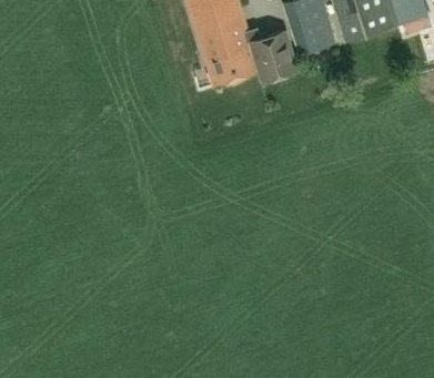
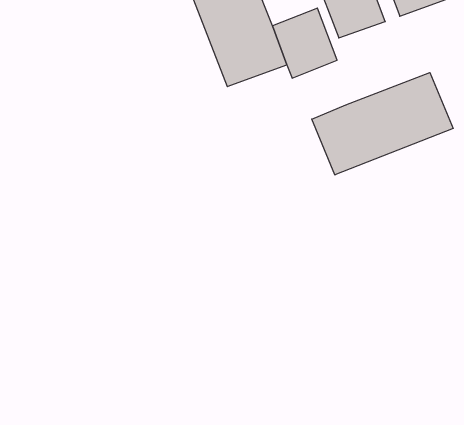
building: none -> [312,73,453,175]

